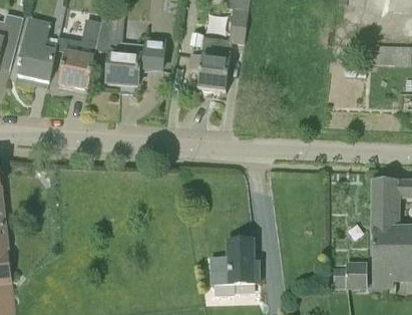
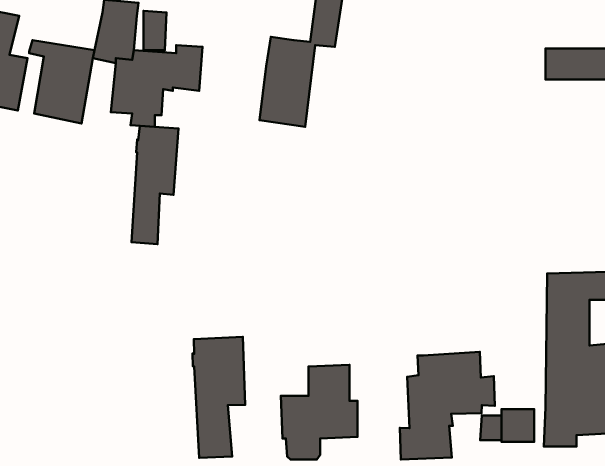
building: none -> [132,126,178,244]
building: none -> [192,337,245,458]
building: none -> [400,352,495,459]

